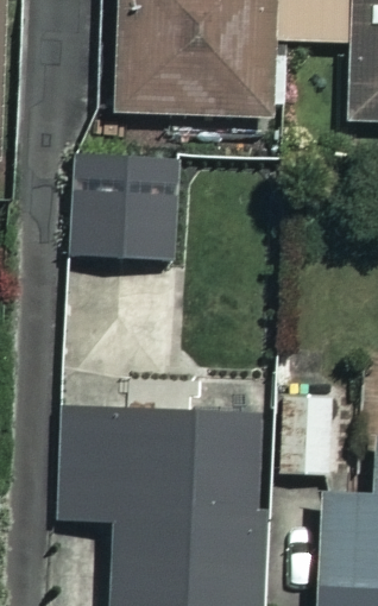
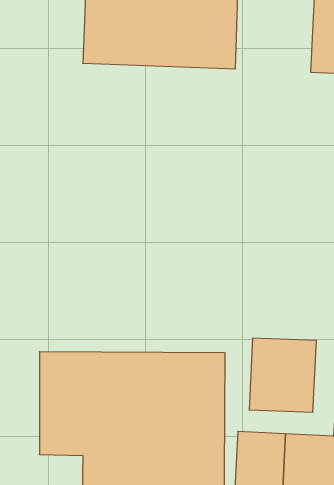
building: [75,153,178,260] -> none

